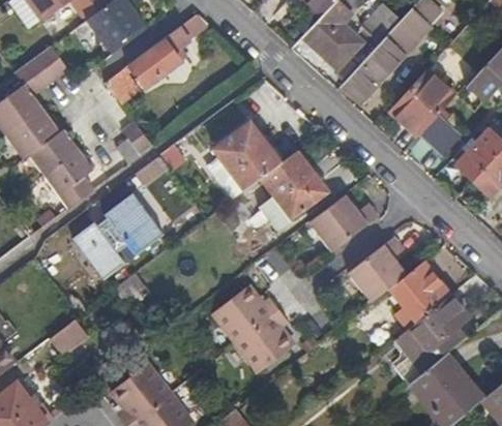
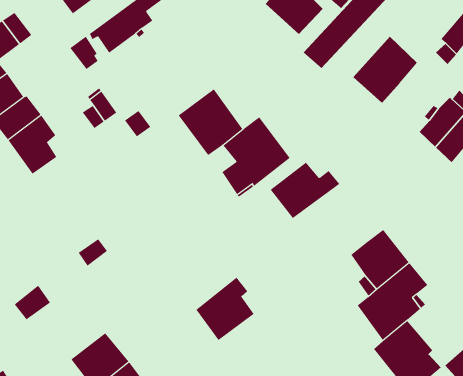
building: [420,117,461,157] -> none
building: [76,193,163,277] -> none
building: [347,239,405,304] -> none
building: [210,287,274,343] -> none

